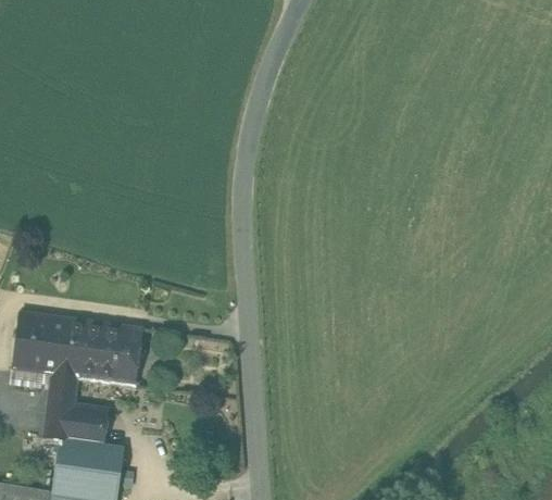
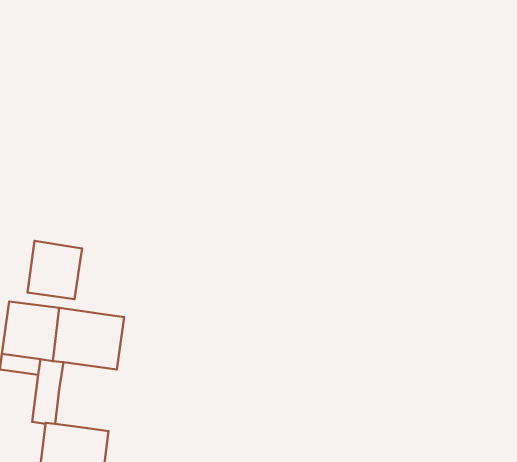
building: none -> [28,241,82,299]
building: [68,405,108,446] -> none

